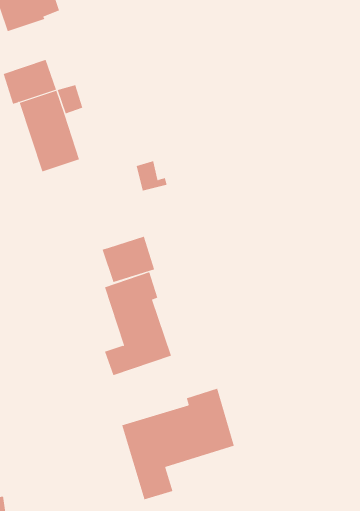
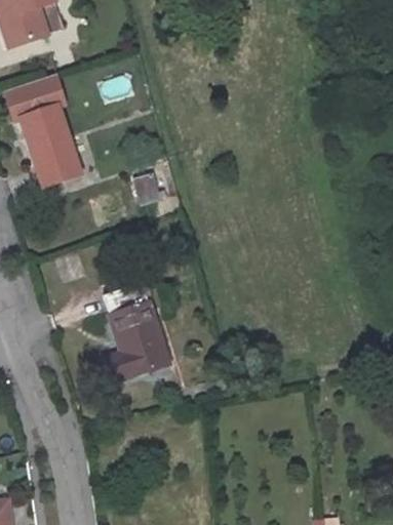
building: [102,236,155,283] -> none
building: [121,388,234,500] -> none

